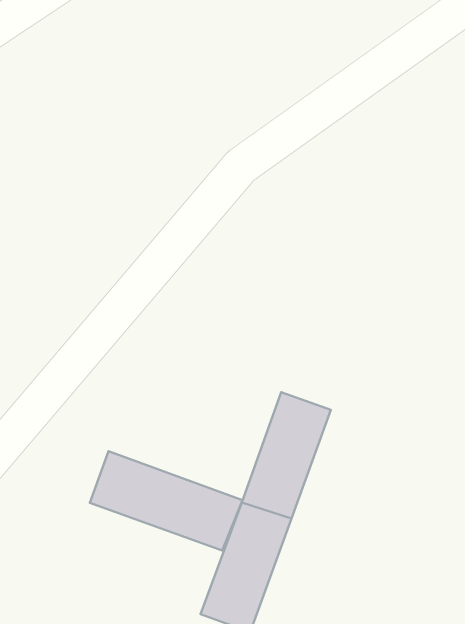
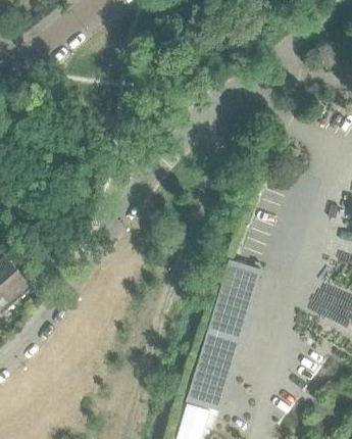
building: [90,451,243,551] -> none

